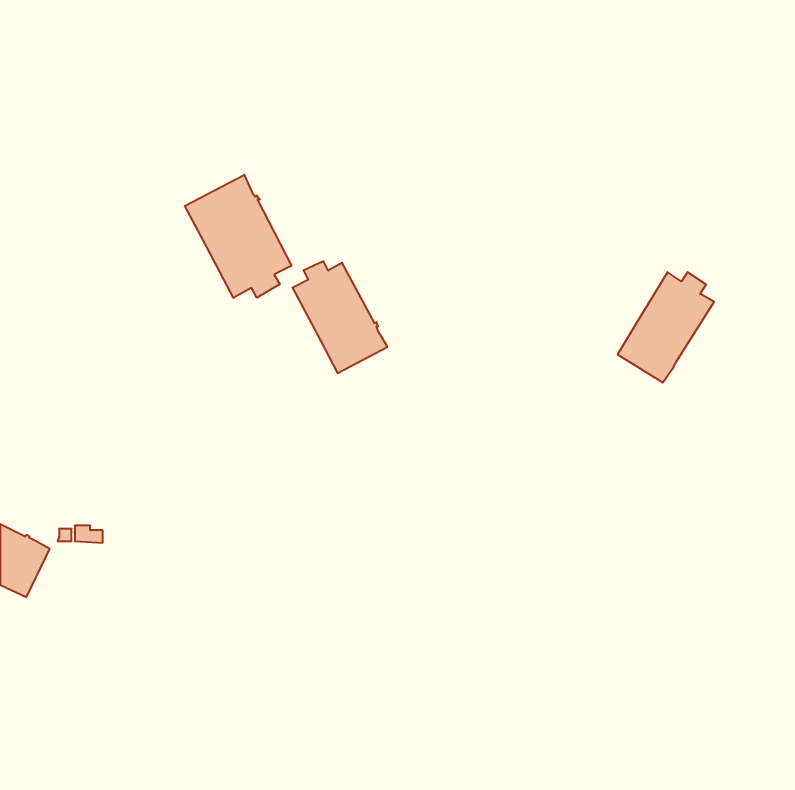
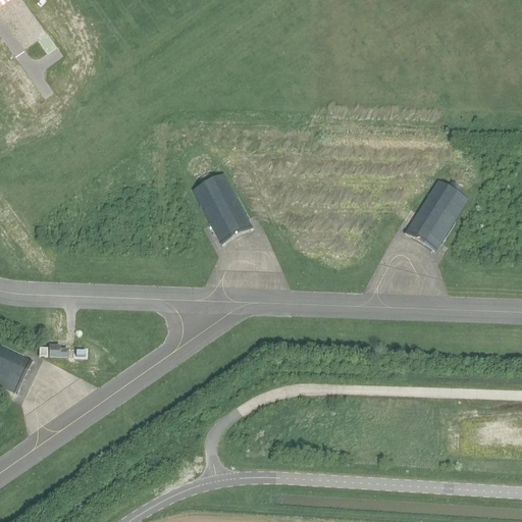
building: [185,175,291,298] -> none

